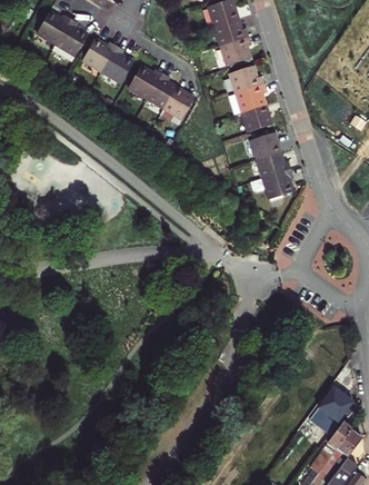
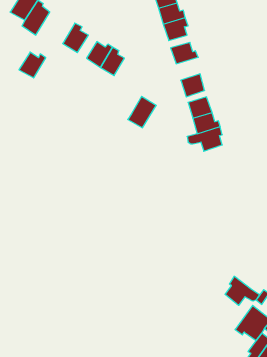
building: [82,38,114,69] -> [19,52,46,78]
building: [237,86,266,113] -> none
building: [158,87,192,125] -> [128,96,156,128]
building: none -> [225,276,259,305]

